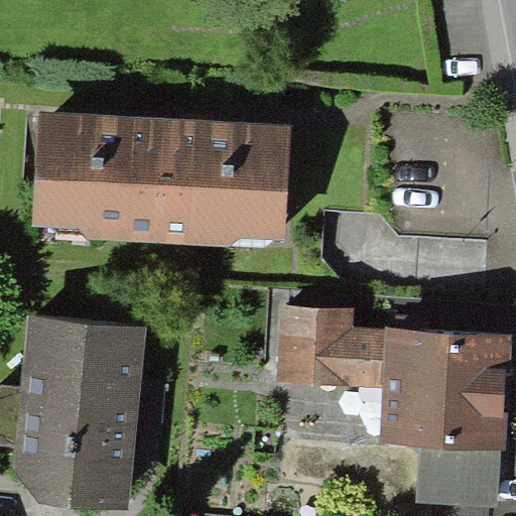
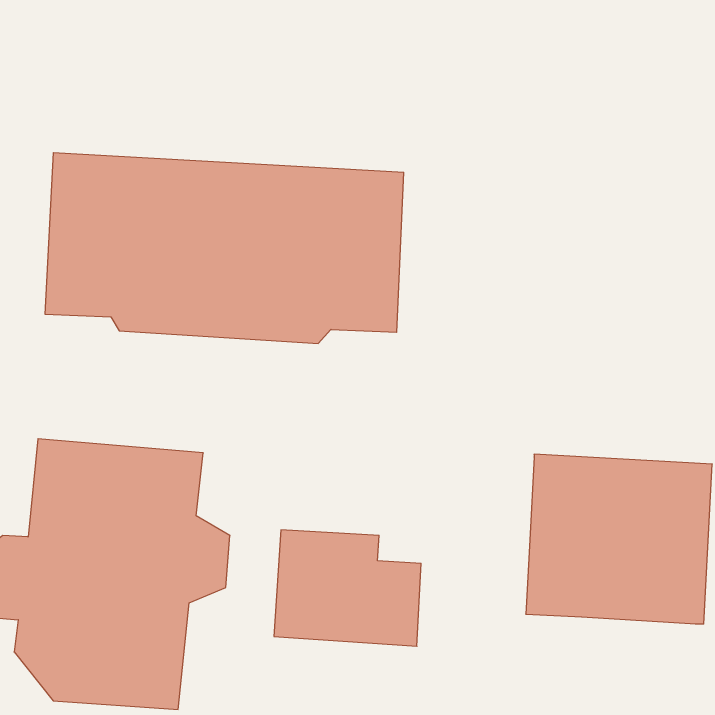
building: [278,305,384,389] -> [274,530,421,646]
building: [416,444,500,509] -> none

